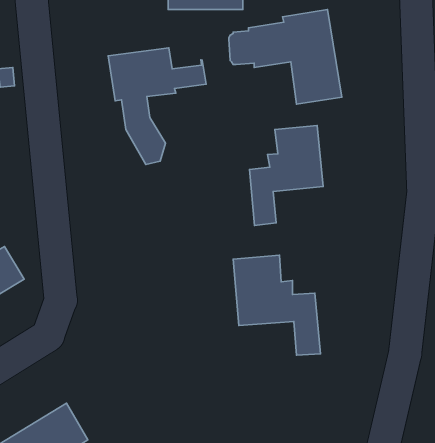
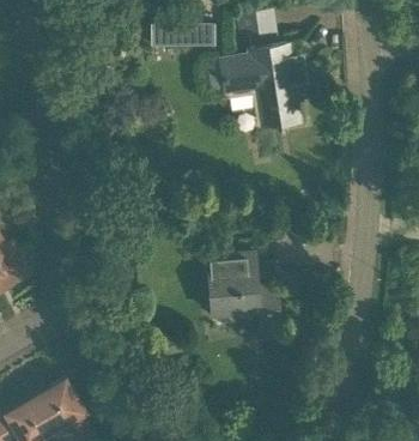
building: [108,48,206,165] -> none
building: [250,126,323,225] -> none

